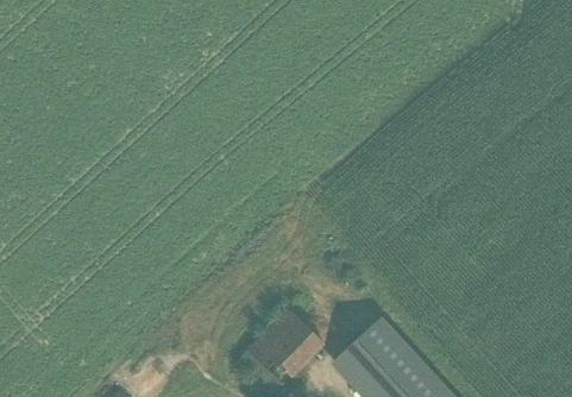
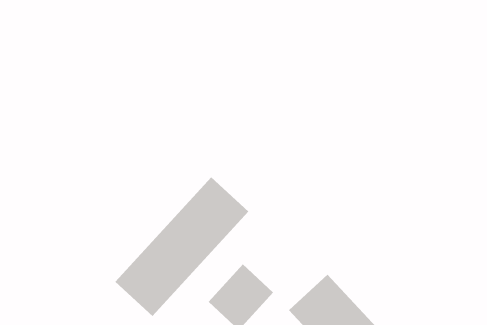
building: none -> [114,176,249,317]

